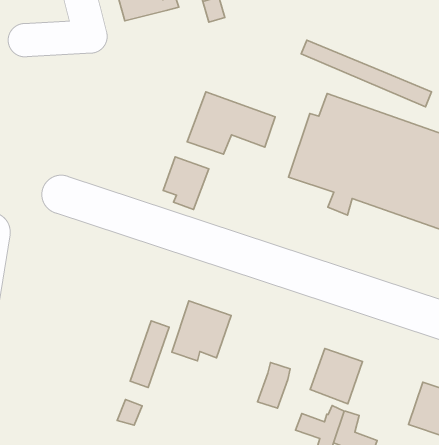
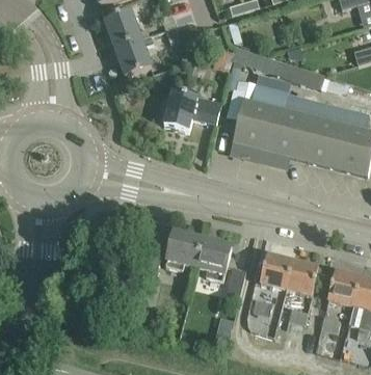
building: none -> [113,37,151,76]
building: [163,157,209,210] -> none
building: none -> [194,237,231,279]
building: none -> [285,260,318,295]

